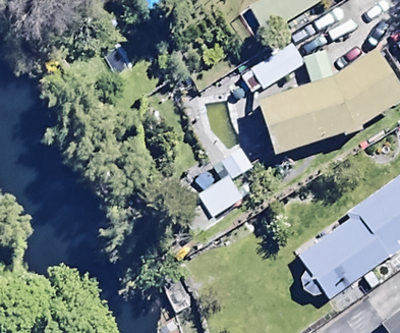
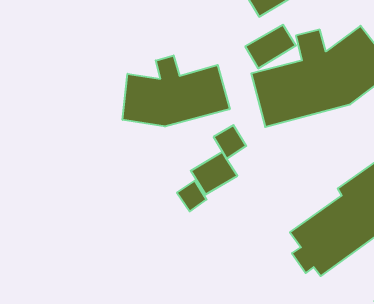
building: none -> [123,55,230,127]

